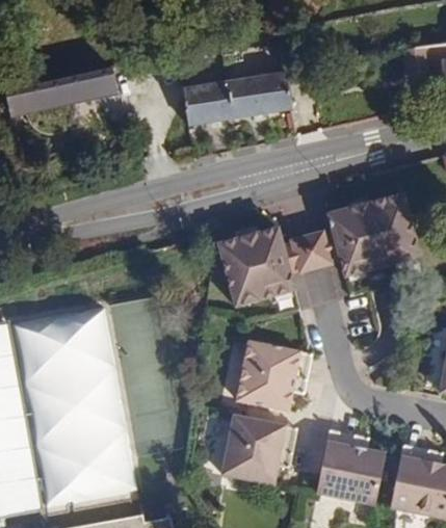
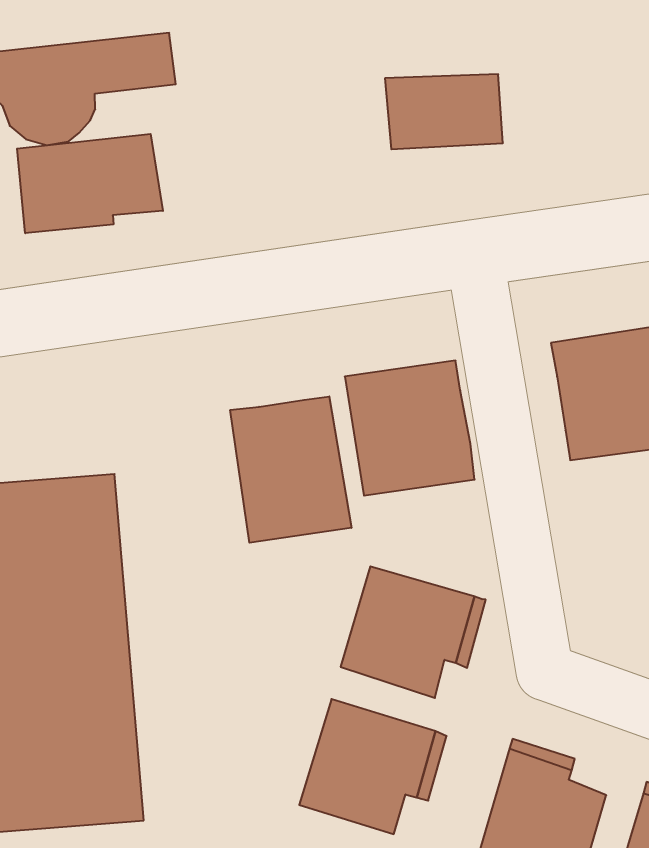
building: [182,81,233,126] -> none
building: none -> [17,134,163,233]
building: [283,231,341,271] -> none
building: none -> [230,396,351,543]

